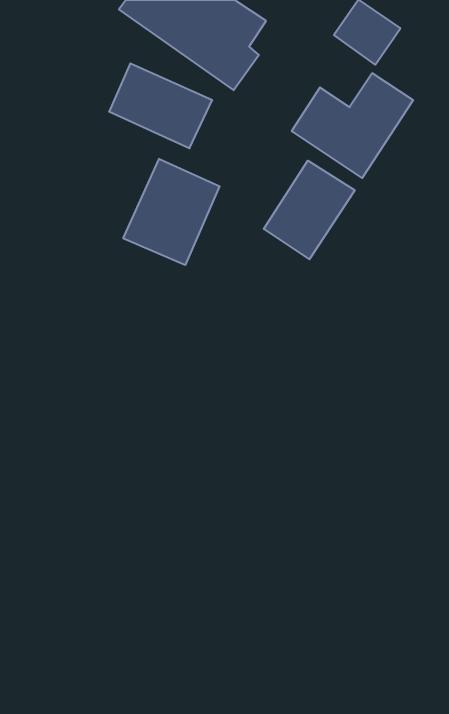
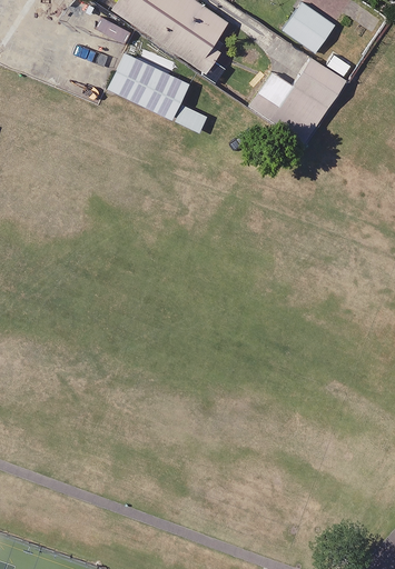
building: [123,159,220,265] -> none
building: [264,161,355,259] -> none

